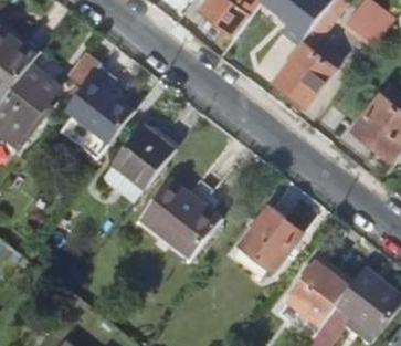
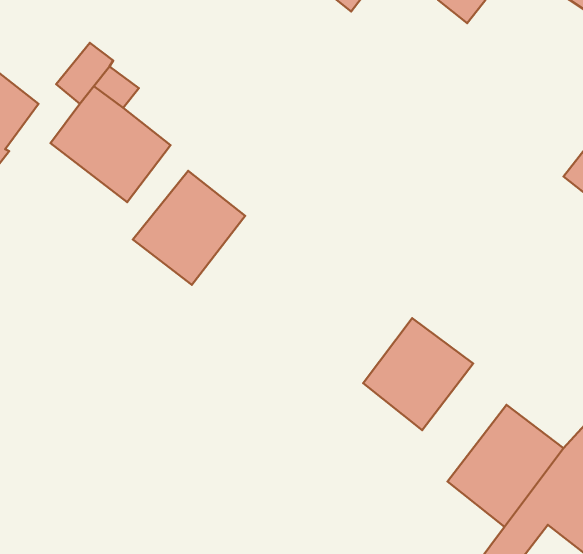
building: [273,44,334,106] -> none
building: [137,184,217,261] -> none

